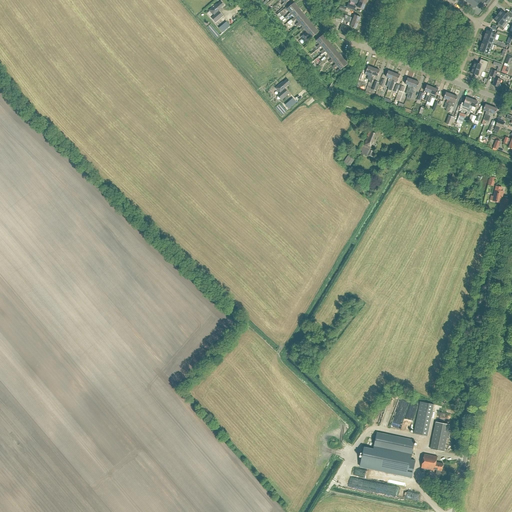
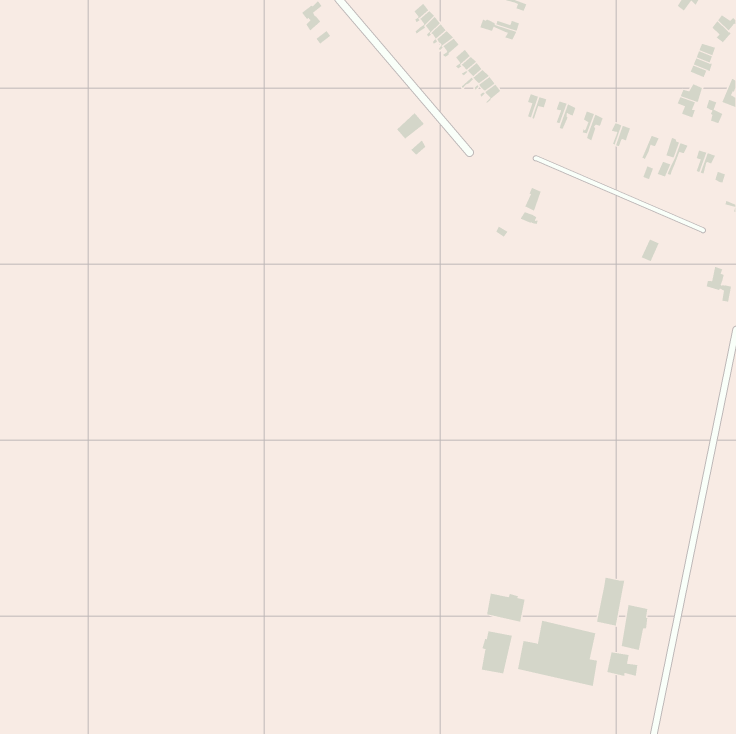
building: none -> [486,593,525,622]
building: none -> [481,631,513,674]

